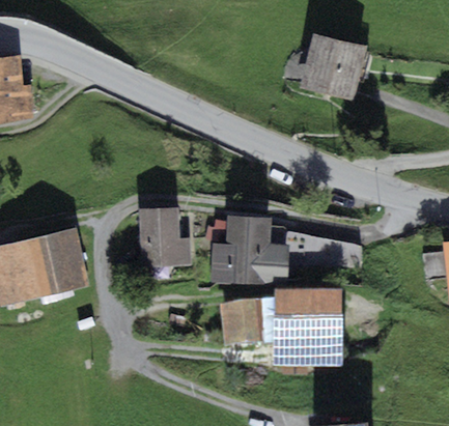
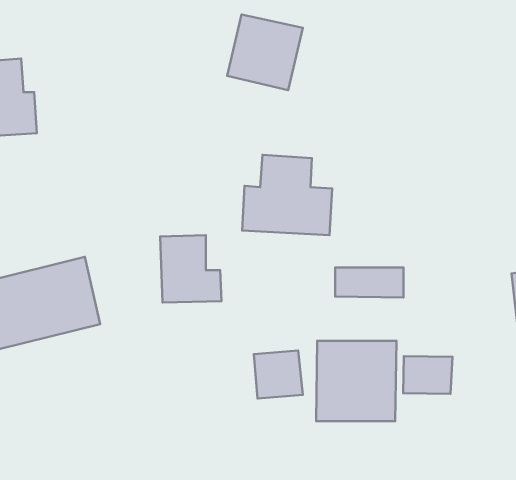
building: [300,33,365,98] -> [227,15,303,90]
building: [211,215,288,284] -> [242,155,332,235]
building: none -> [403,356,452,394]

